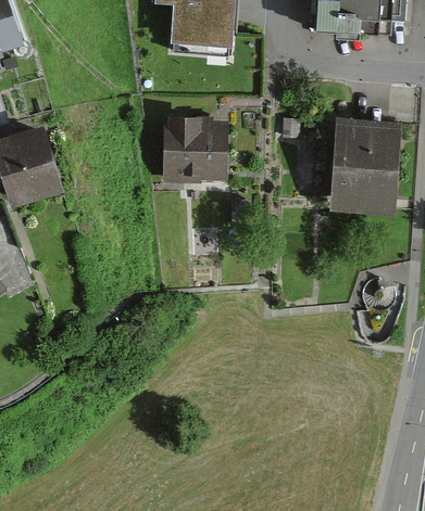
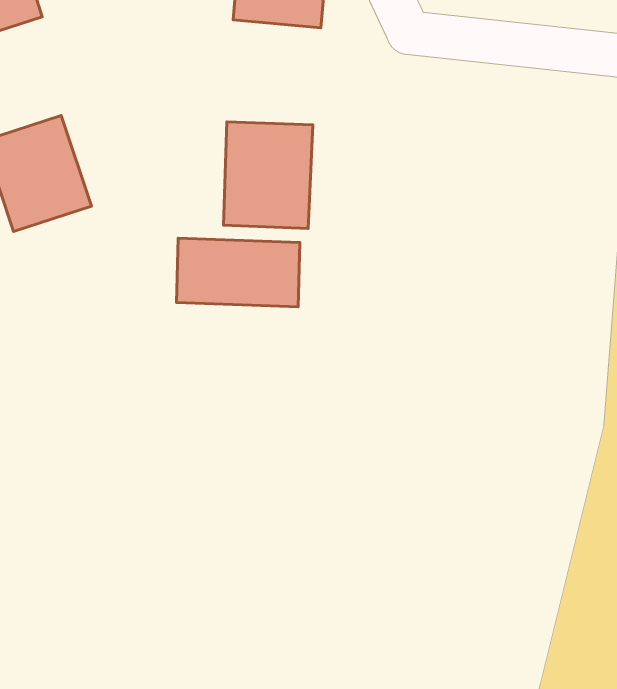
building: [334,118,403,204] -> none
building: none -> [177,238,300,307]

